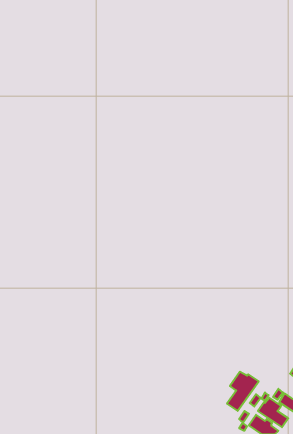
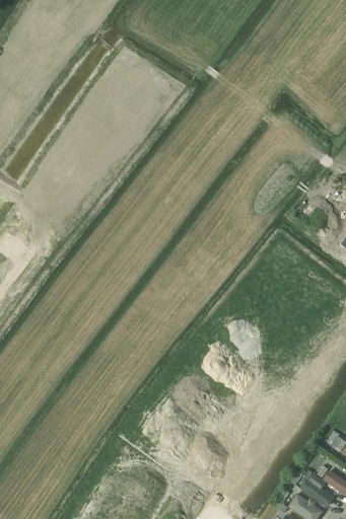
building: [227,372,259,411] -> none

